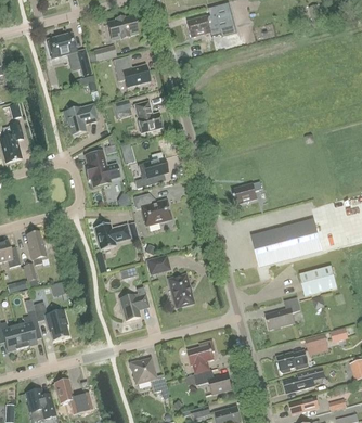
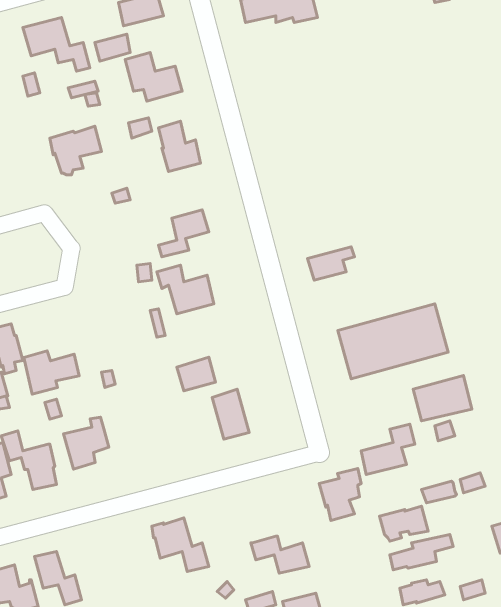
building: [85,150,118,187] -> none
building: [94,221,130,249] -> [24,351,79,394]
building: [119,286,148,320] -> [64,417,109,469]
building: [188,339,215,373] -> [319,469,361,520]

